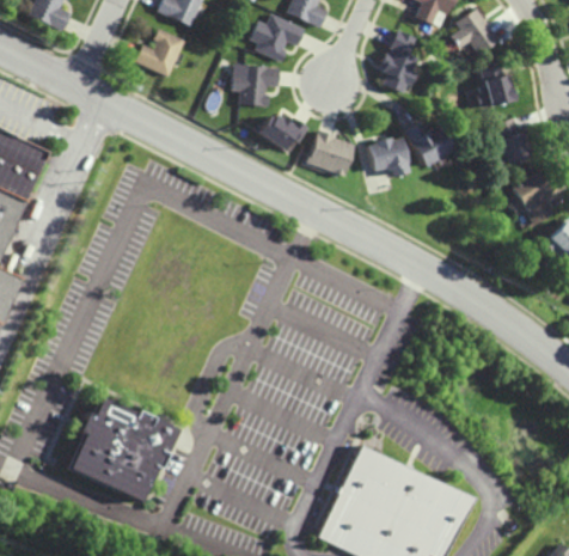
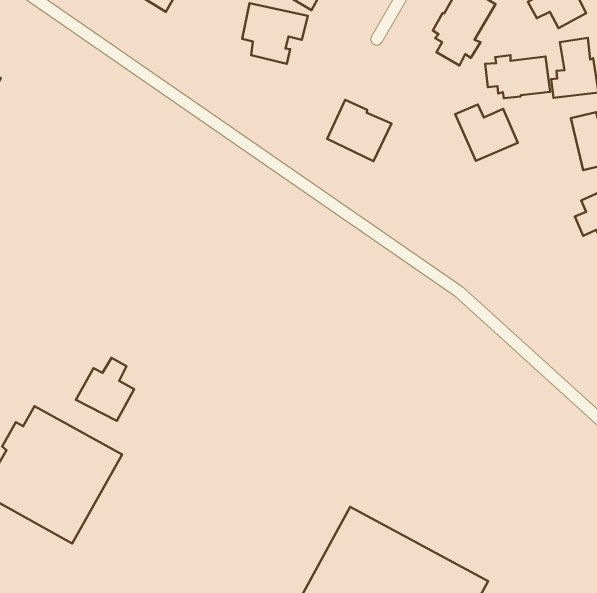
building: none -> [485,55,550,98]
building: [256,115,306,151] -> none
building: [367,136,410,177] -> none
building: none -> [76,358,134,421]

